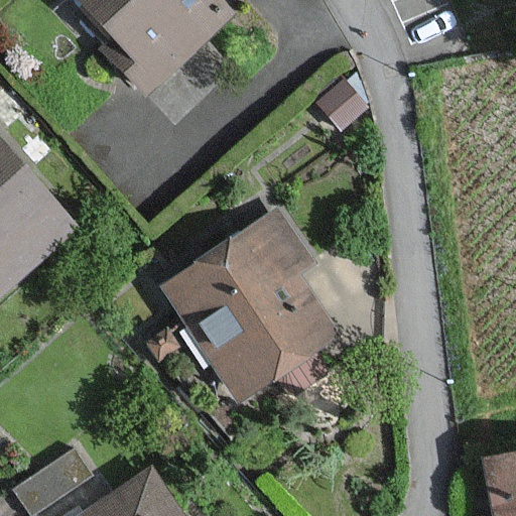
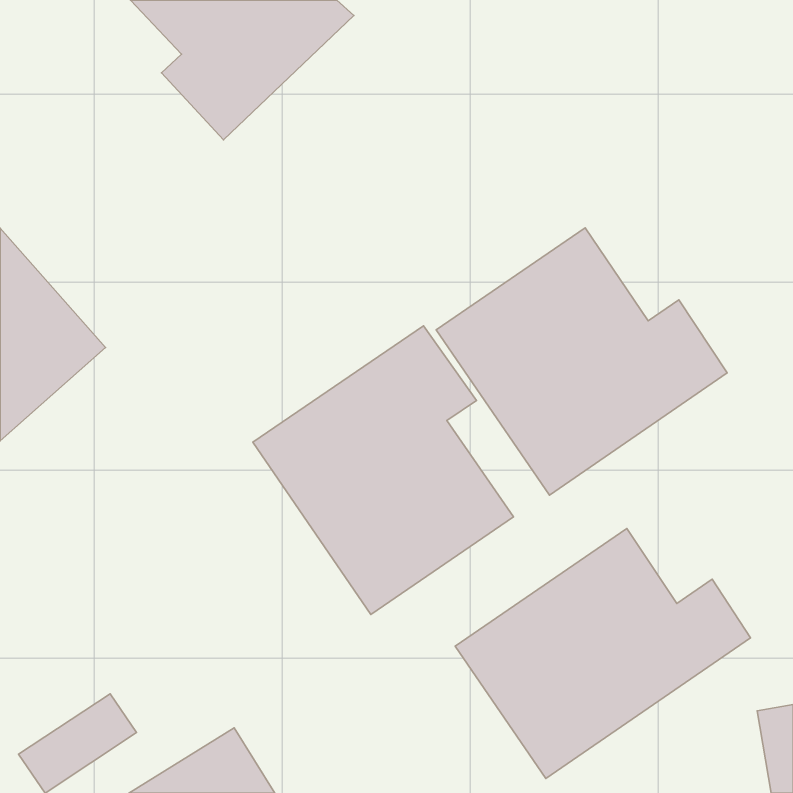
building: none -> [436,228,727,495]
building: none -> [455,529,750,778]

